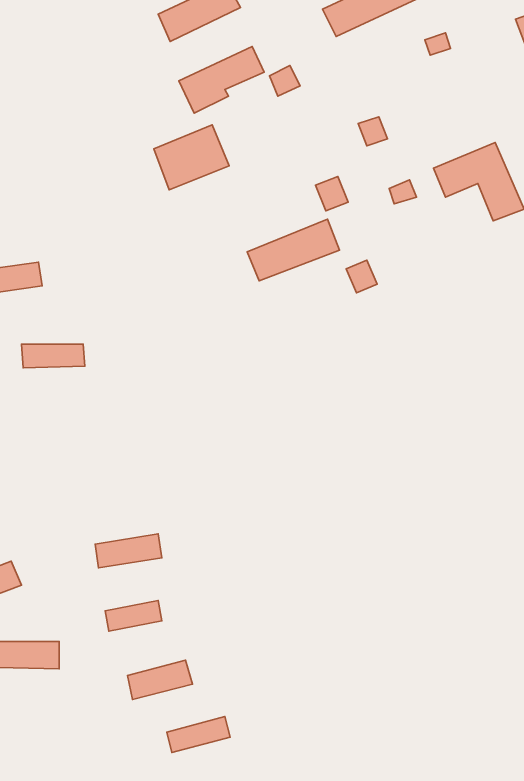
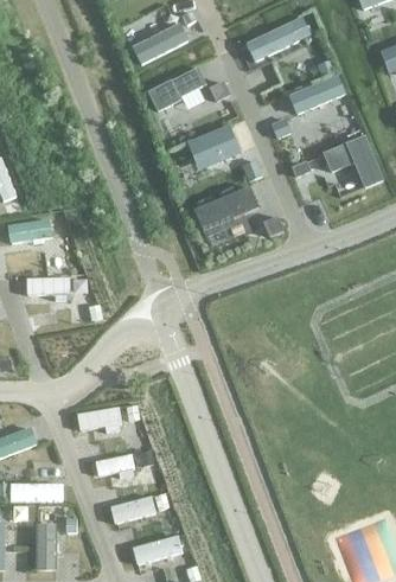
building: none -> [288,76,345,115]
building: [154,125,229,190] -> [187,126,239,171]
building: none -> [36,522,57,569]

